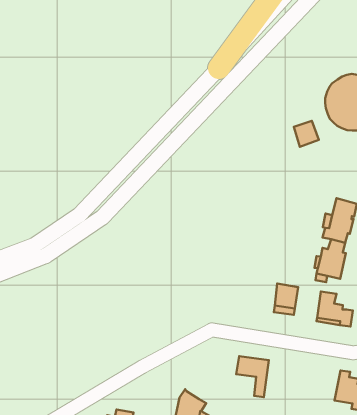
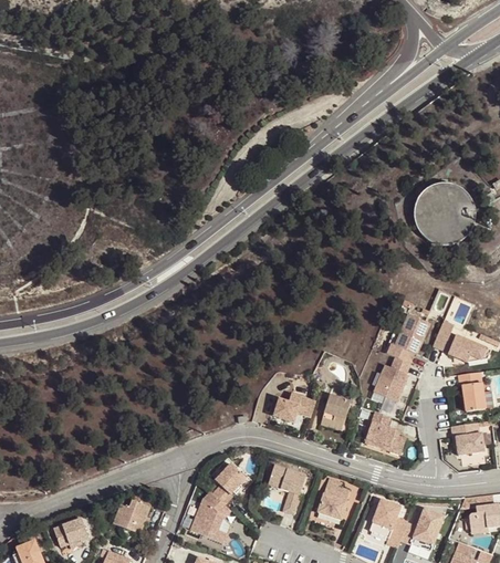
building: [294,121,319,147] -> none
building: none -> [273,393,315,421]
building: none -> [317,479,348,519]
building: none -> [211,462,246,503]

